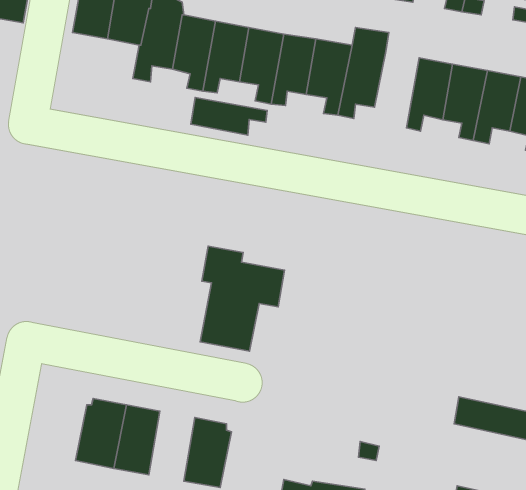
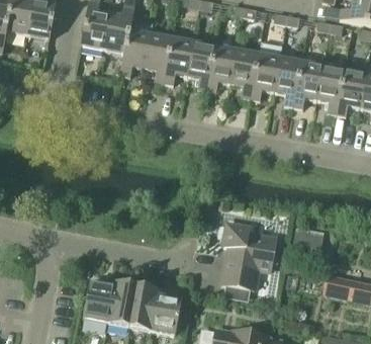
building: none -> [273,57,301,105]
building: [191,97,267,135] -> none
building: [200,246,285,351] -> [222,223,276,289]
building: none -> [293,230,323,253]
building: none -> [129,285,159,330]

